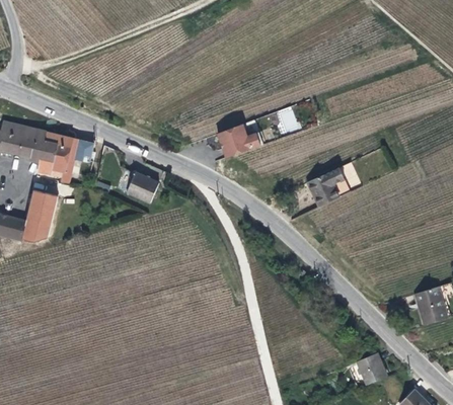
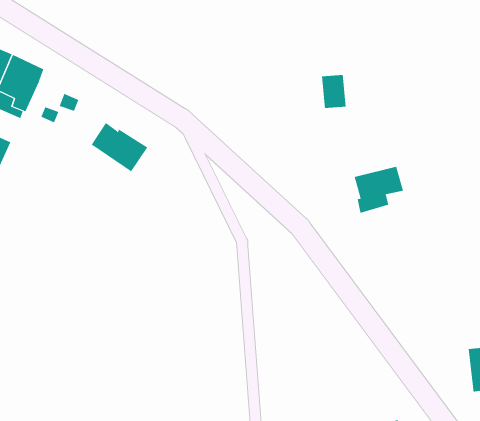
building: [215,120,261,158] -> none

